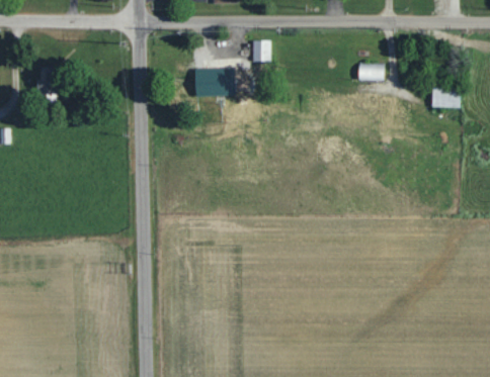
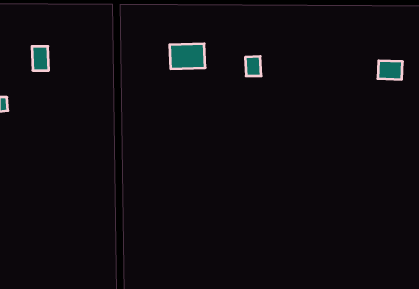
building: [252,39,270,62] -> [245,56,261,76]
building: [357,63,384,81] -> none

